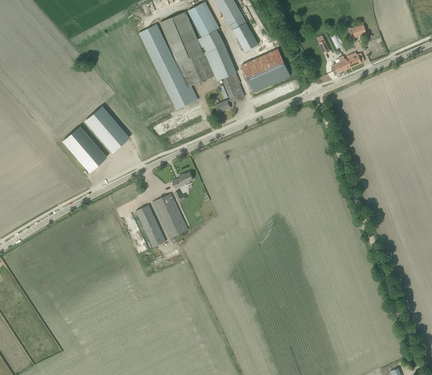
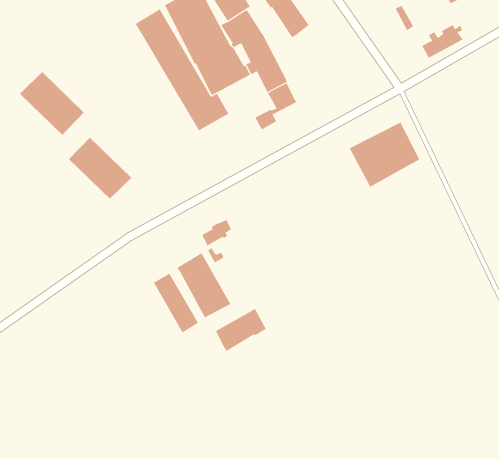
building: [241,50,289,93] -> [349,122,420,187]
building: [62,126,106,172] -> [18,71,85,136]
building: none -> [215,308,266,352]

